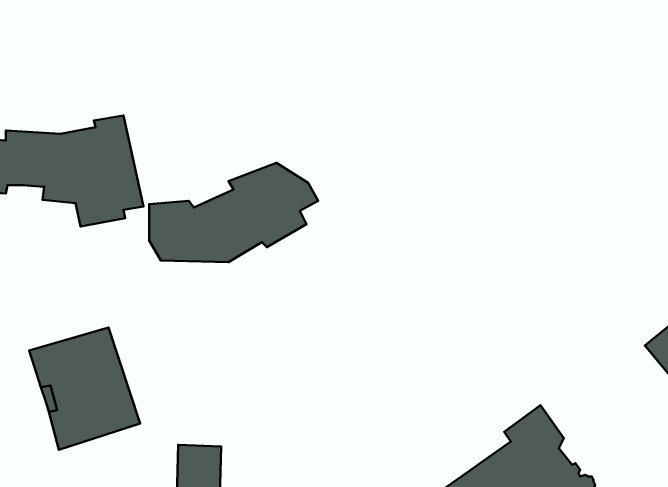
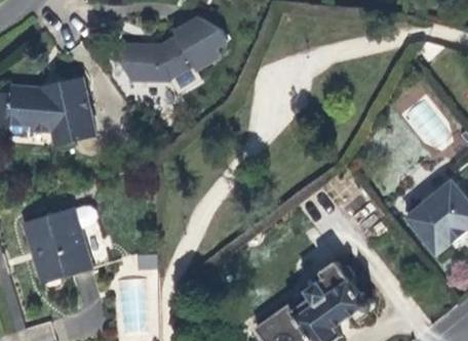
building: [149,163,318,262] -> [121,17,226,79]

